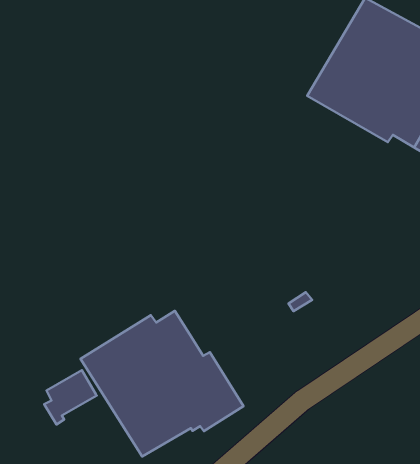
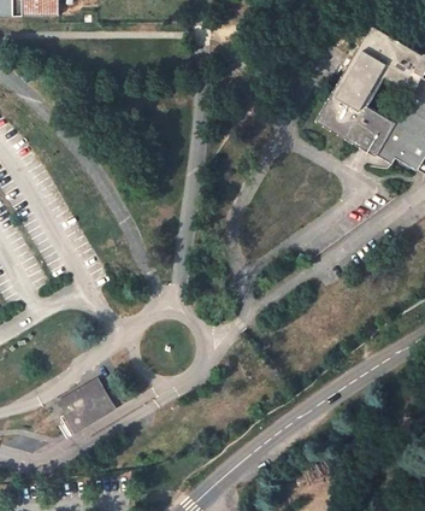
building: [80,311,244,457] -> none

